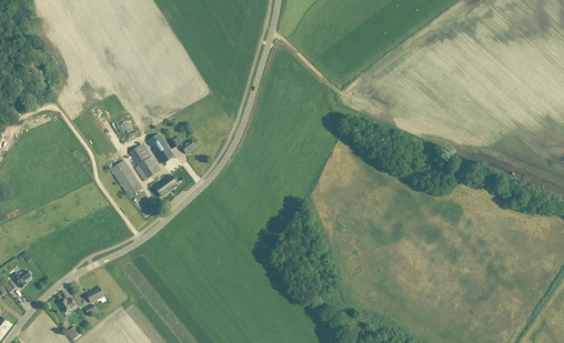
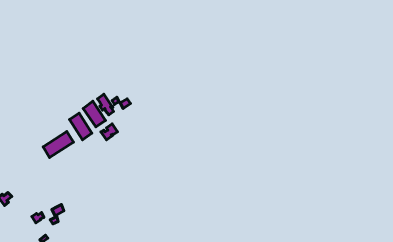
building: none -> [43,131,73,157]

